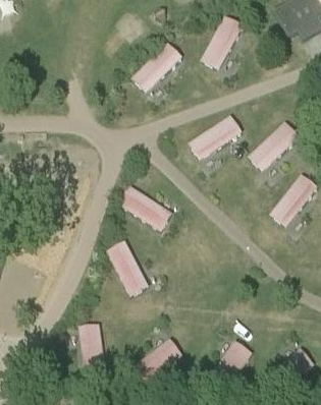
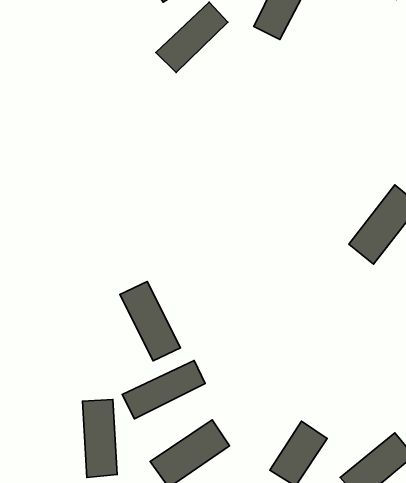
building: [188,116,243,158] -> none
building: [247,120,299,171] -> none
building: [117,188,173,227] -> none
building: none -> [122,360,205,419]

